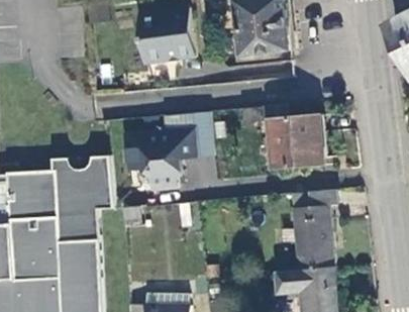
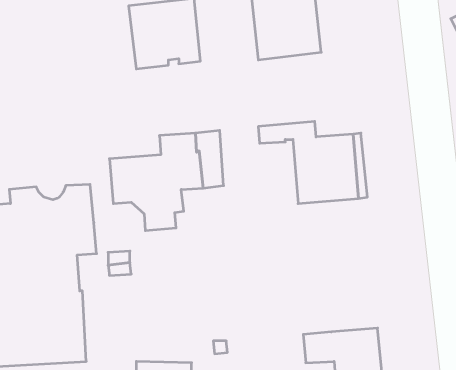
building: [291,192,334,270] -> none

